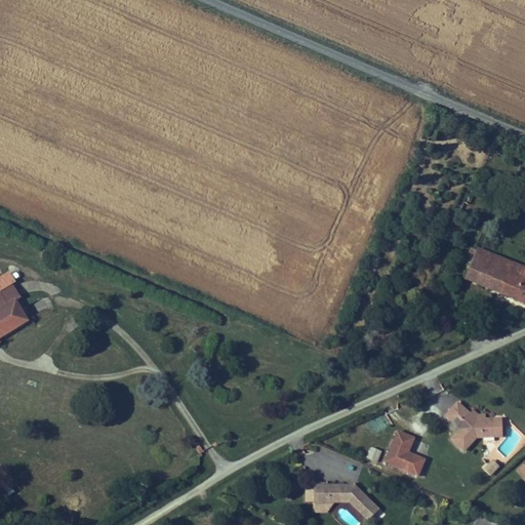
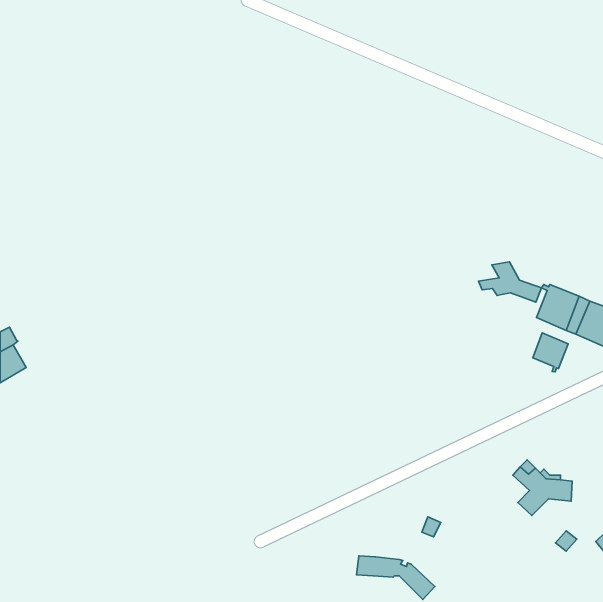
building: none -> [478,262,541,302]
building: none -> [533,333,568,372]
building: [386,430,423,476] -> none

